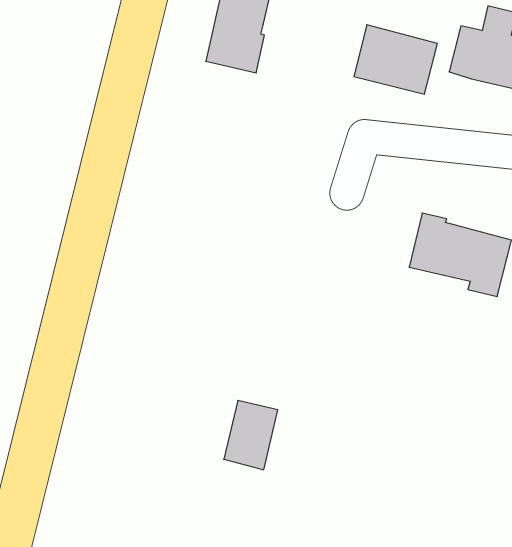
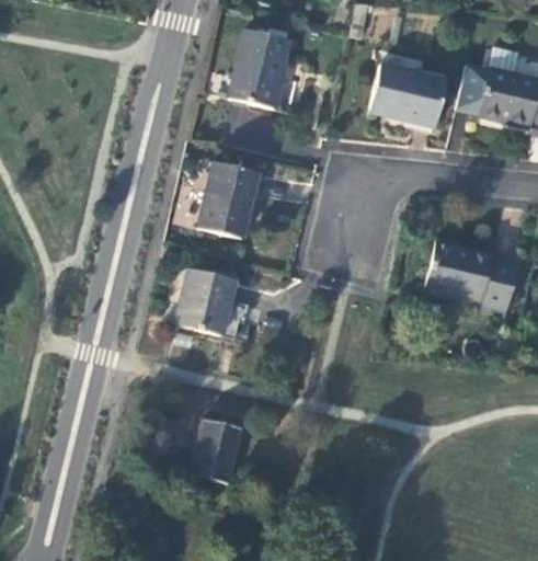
building: none -> [201,162,259,238]
building: none -> [176,268,236,334]
building: [224,400,278,470] -> [192,419,242,483]

